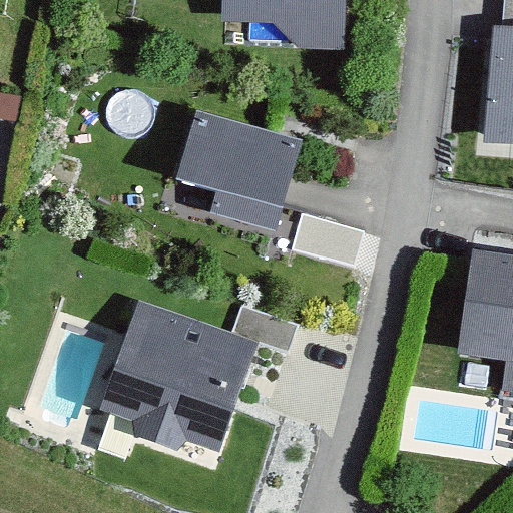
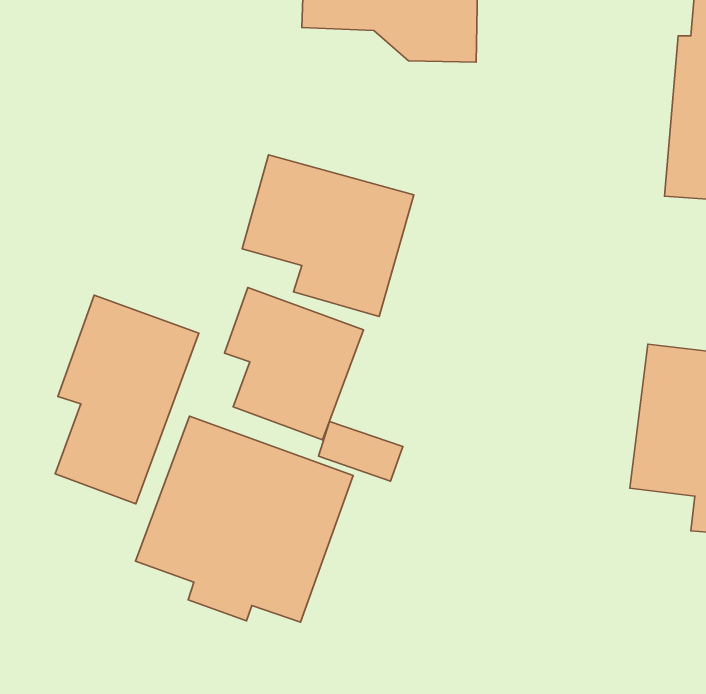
building: none -> [224,288,364,440]
building: none -> [55,295,199,504]

